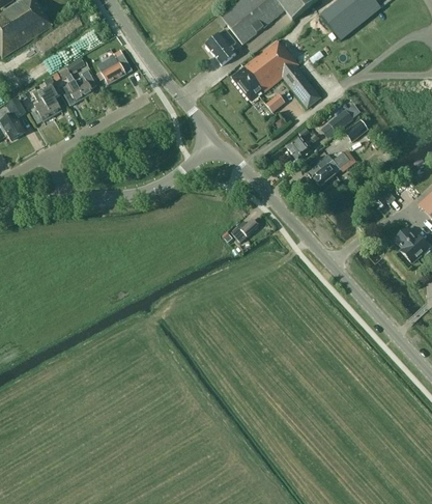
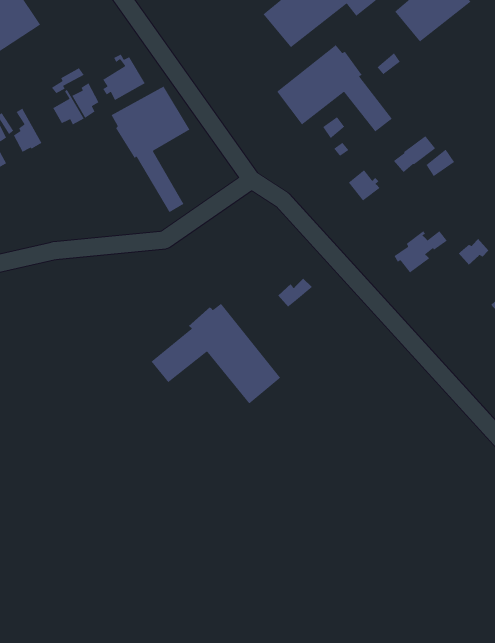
building: [205,28,235,64] -> none
building: none -> [111,85,190,213]
building: [38,76,62,115] -> none
building: [308,151,349,185] -> [394,230,448,274]
building: none -> [150,303,281,404]

